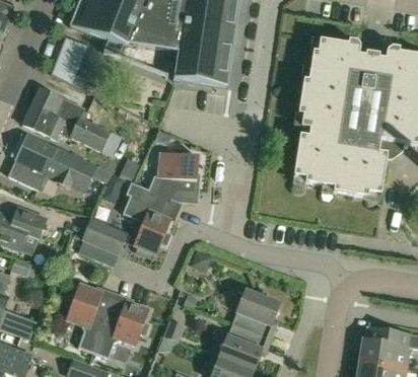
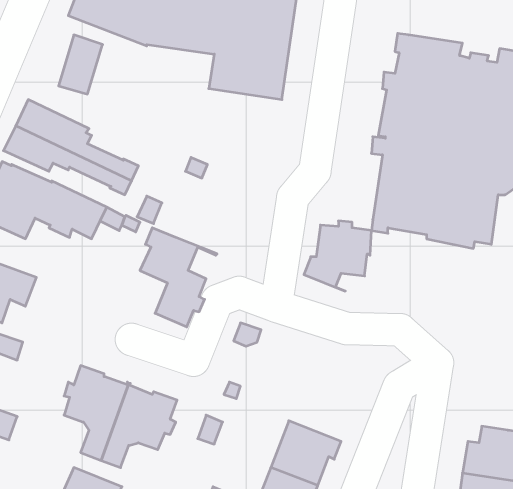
building: [148,149,198,201] -> [304,221,371,291]
building: [82,218,127,254] -> none
building: [231,288,279,338] -> none

